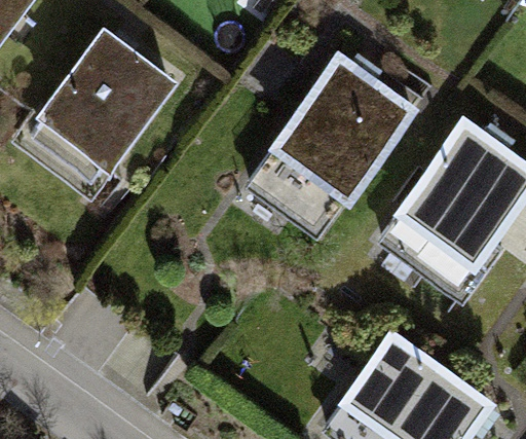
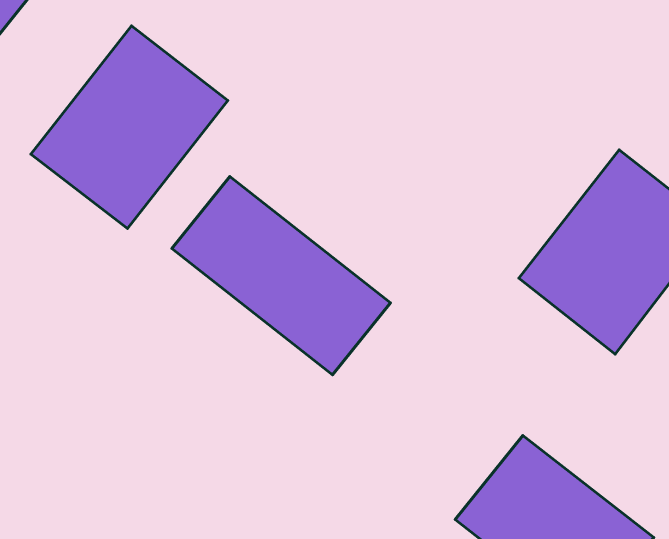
building: [264,65,411,217] -> none
building: none -> [172,177,390,375]

